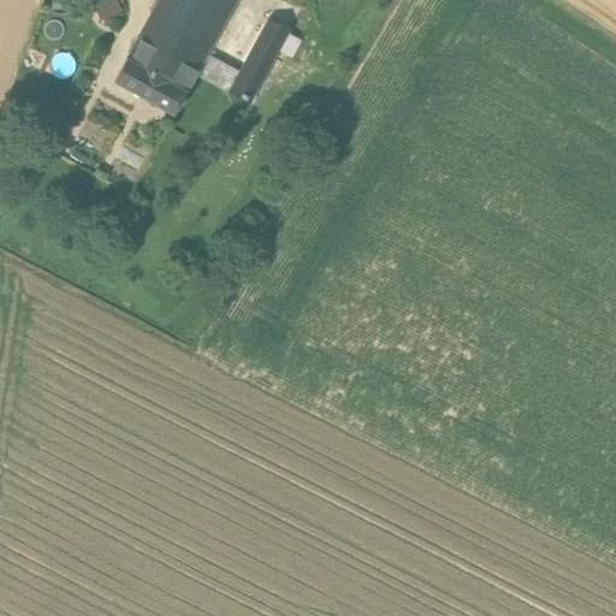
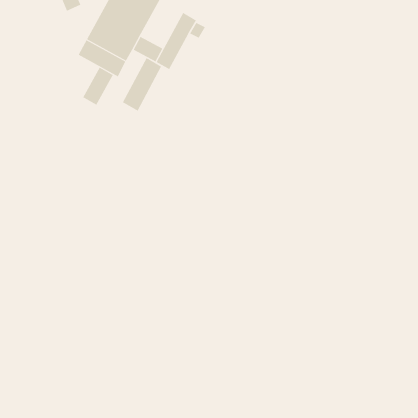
building: none -> [122,57,162,111]
building: none -> [83,67,113,105]

